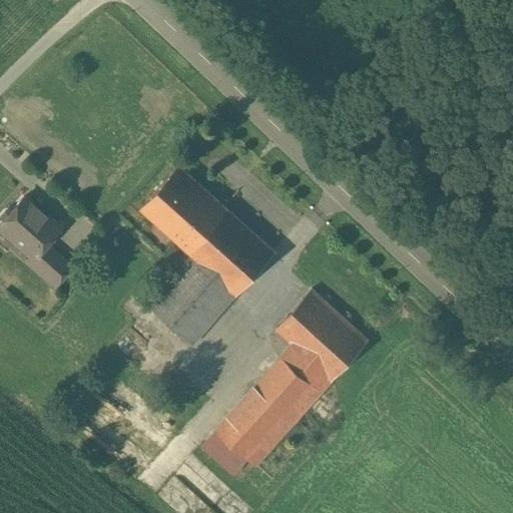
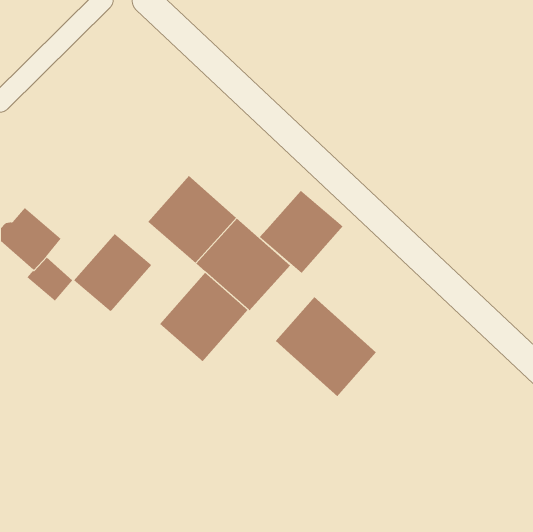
building: none -> [259,190,344,274]
building: none -> [73,233,152,312]
building: [200,344,328,474] -> none

